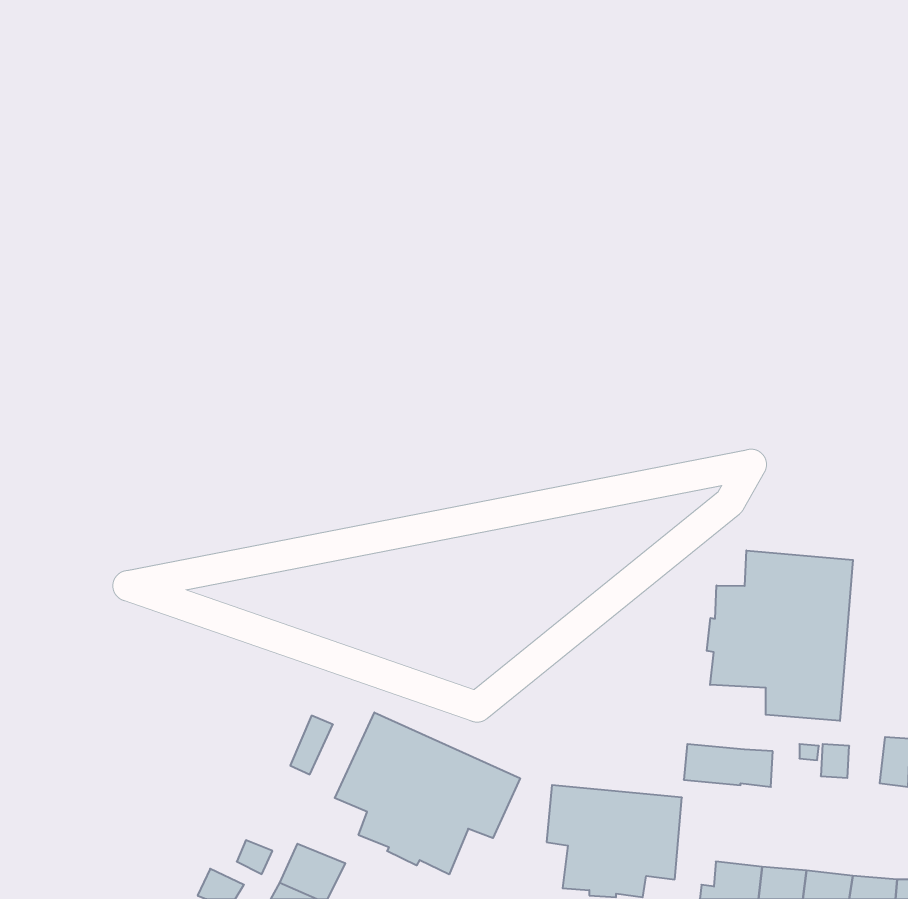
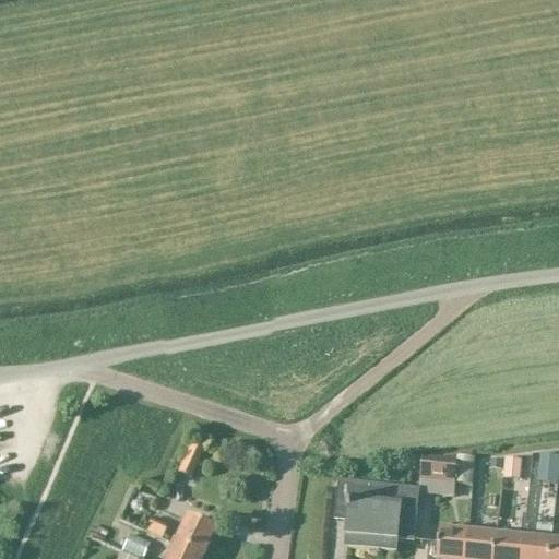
building: [707,550,853,721] -> none
building: [335,712,520,874] -> none

